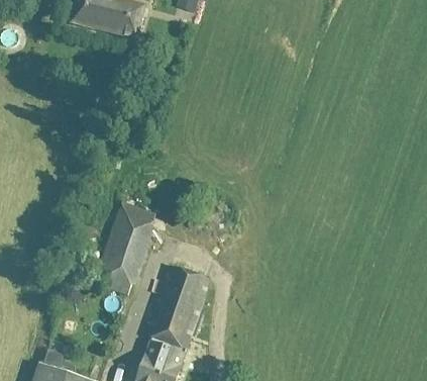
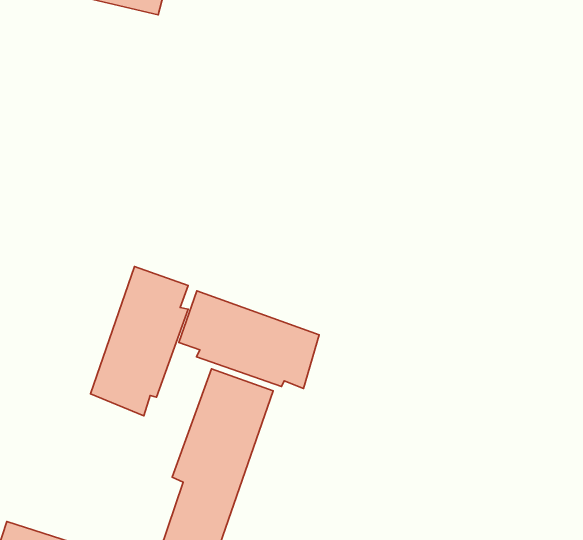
building: none -> [179,291,319,388]

